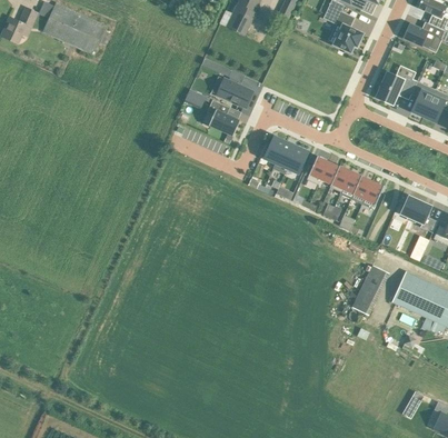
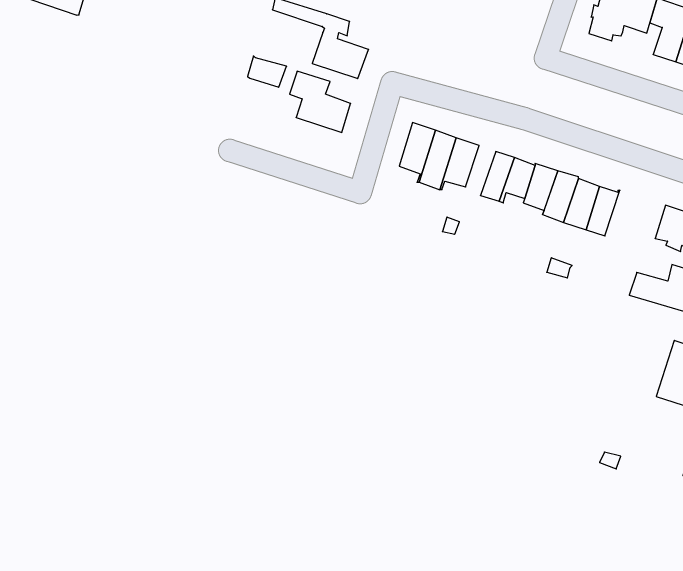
building: [351,265,385,315] -> none

